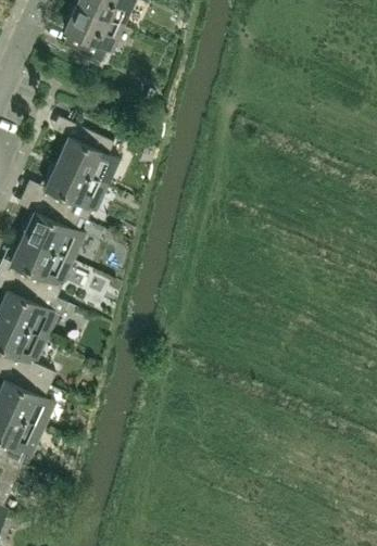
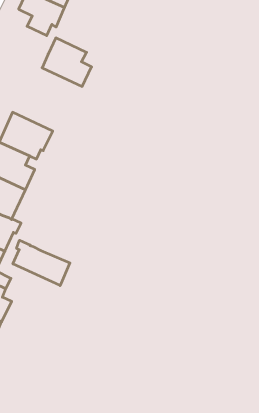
building: [56,124,120,186] -> [42,38,92,86]
building: none -> [13,240,70,286]

